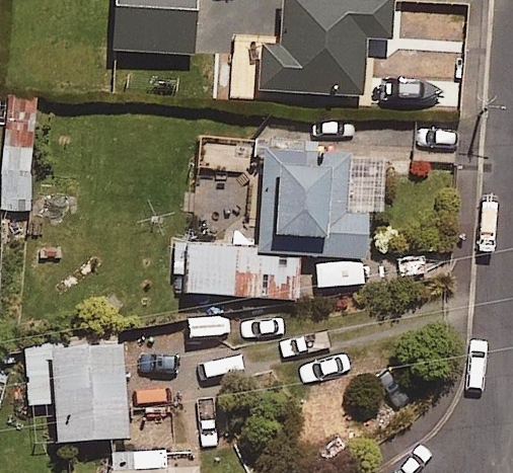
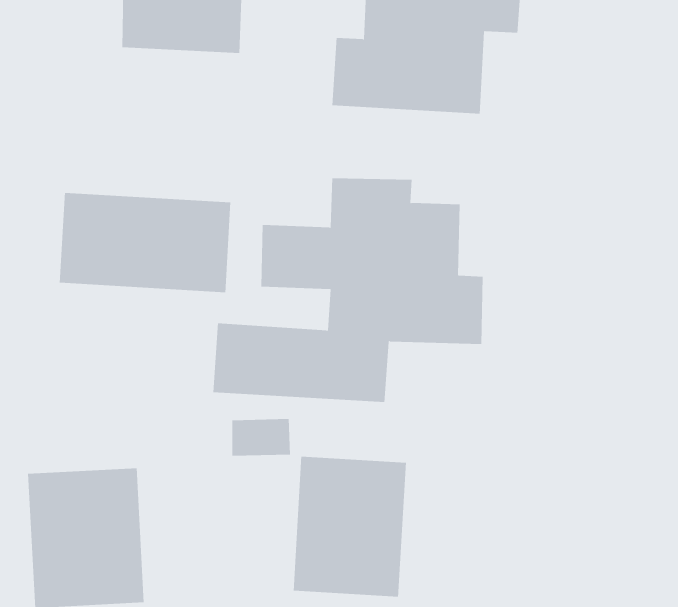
building: none -> [59,192,231,293]
building: none -> [293,456,406,597]

